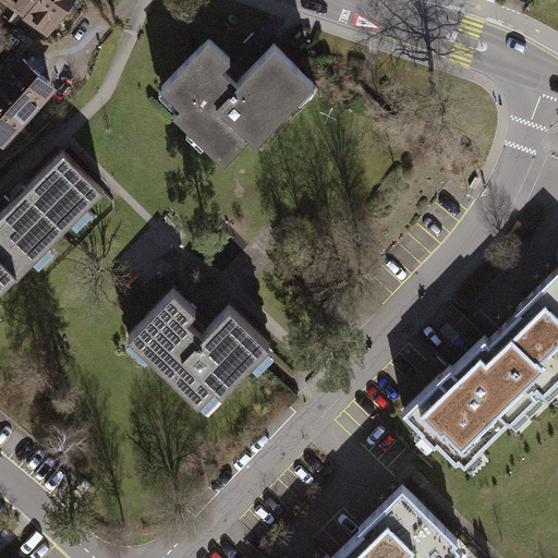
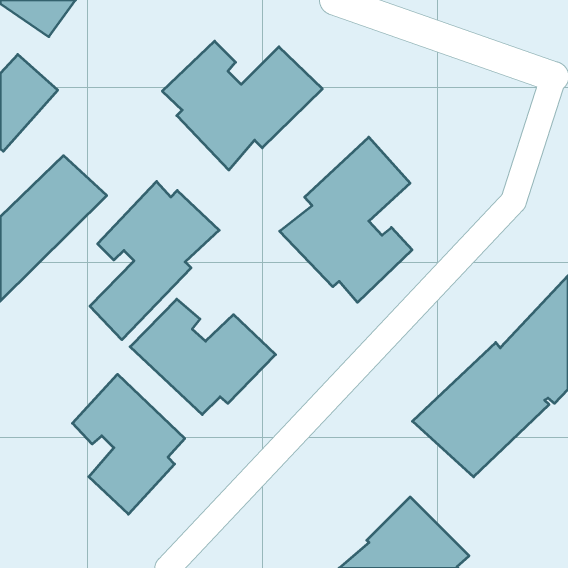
building: none -> [280,137,412,302]
building: none -> [90,181,219,340]
building: none -> [72,374,185,514]

